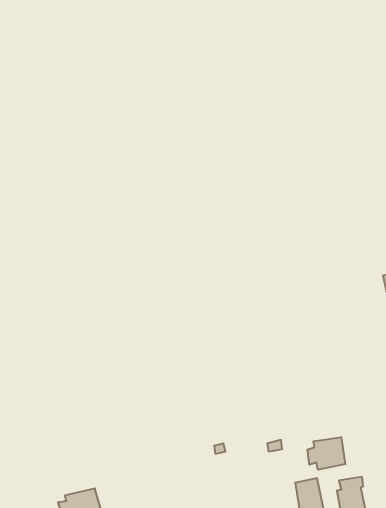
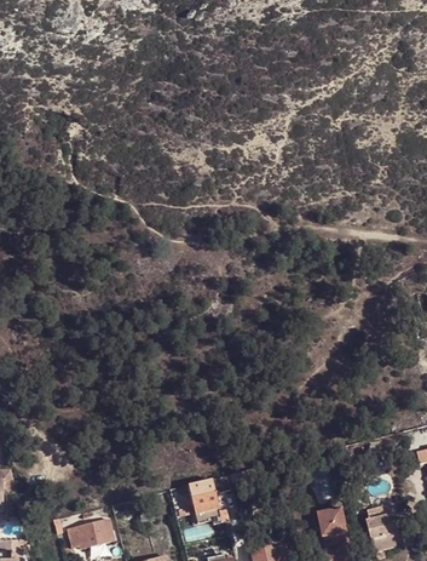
building: [307,437,345,470] -> none
building: none -> [194,490,230,523]

